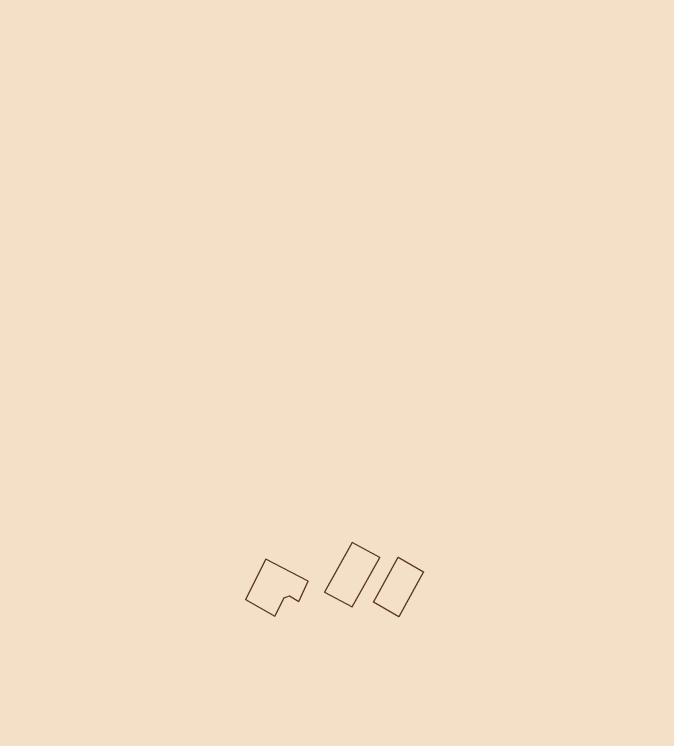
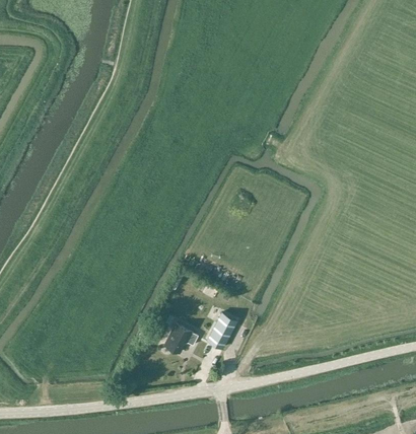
building: [373,557,424,617] -> none

